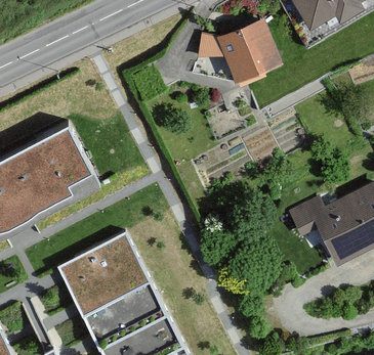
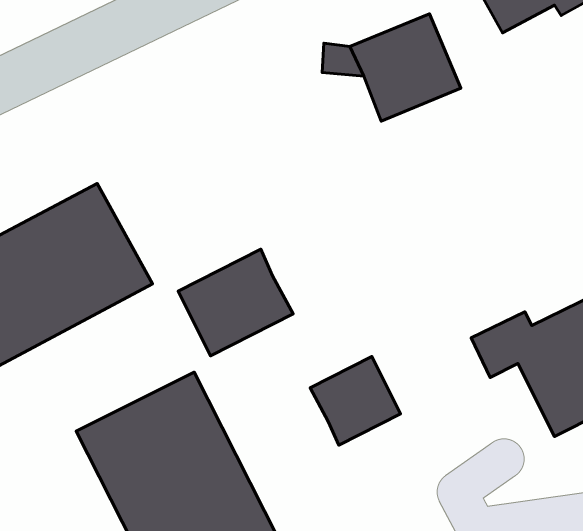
building: none -> [178,249,293,356]
building: none -> [310,356,401,445]

